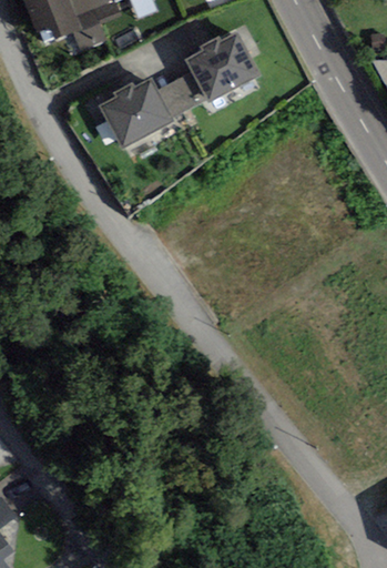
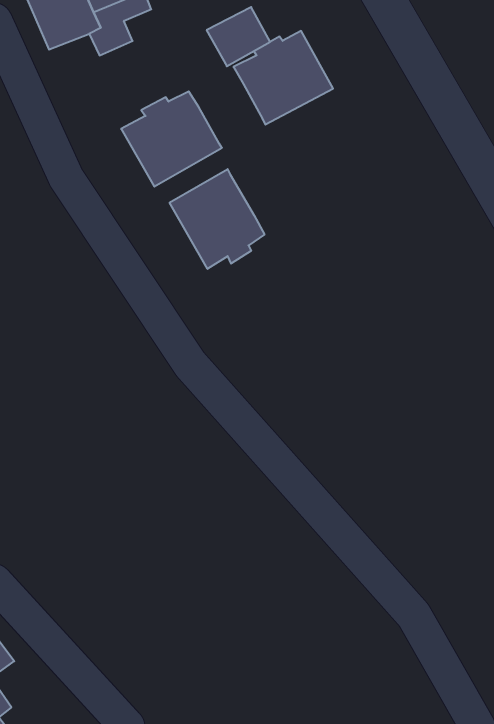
building: [156,72,205,118] -> [207,7,270,66]
building: none -> [170,169,264,269]

